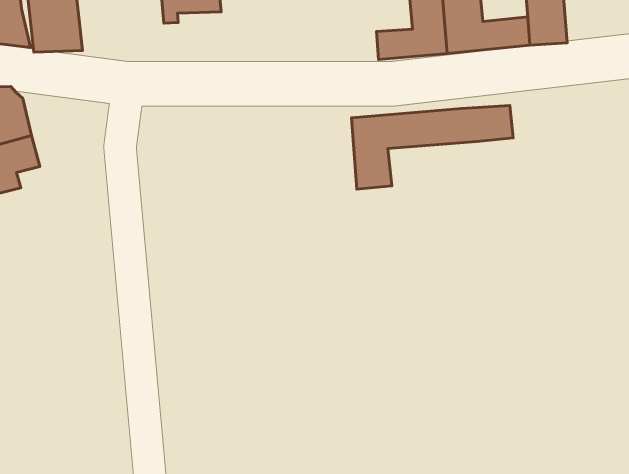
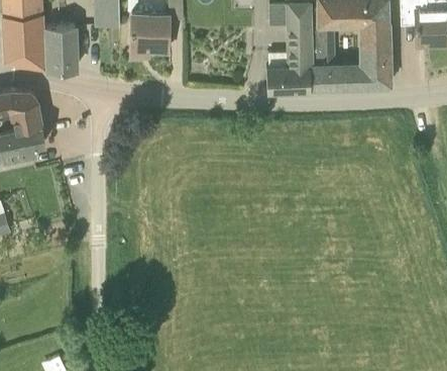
building: [351,106,513,189] -> none

